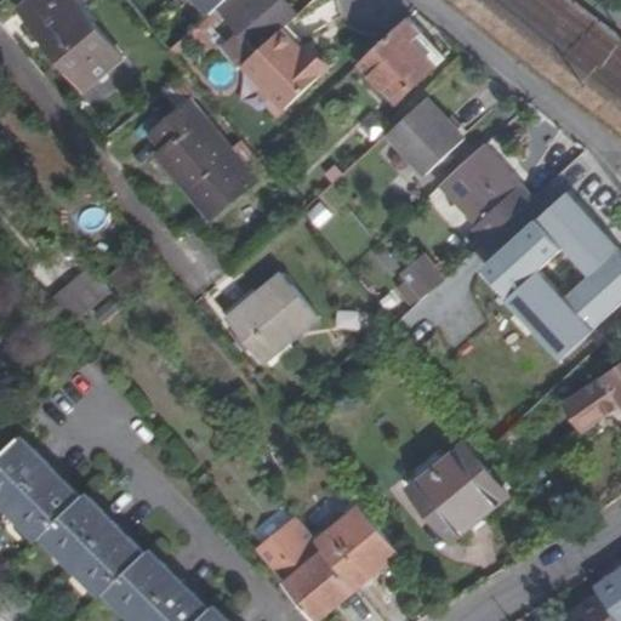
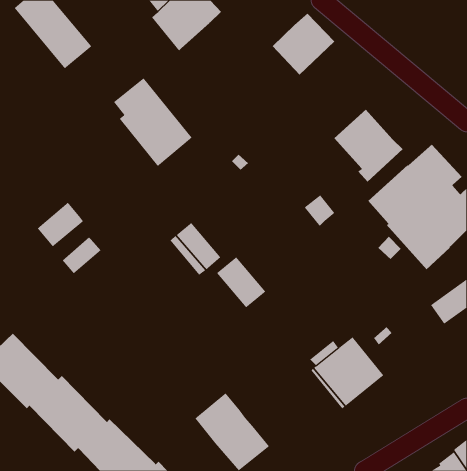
building: [239,30,323,109] -> none
building: [387,98,460,173] -> none
building: [252,270,318,338] -> [216,257,266,308]
building: none -> [62,236,102,274]
building: [317,503,399,587] -> none

